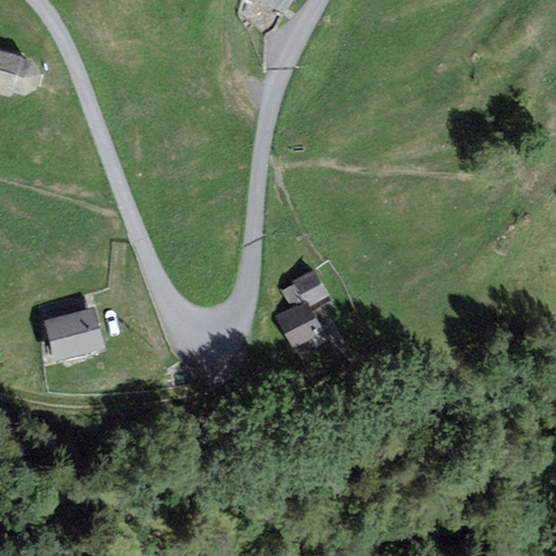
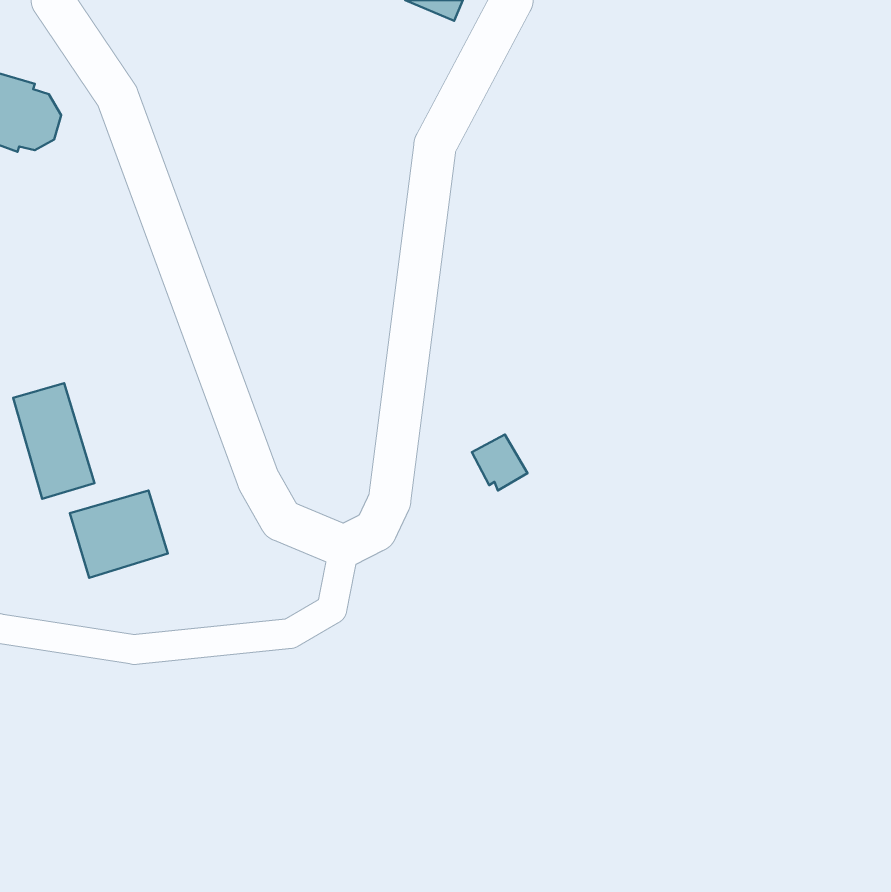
building: none -> [13,383,94,499]
building: [275,300,327,353] -> none

